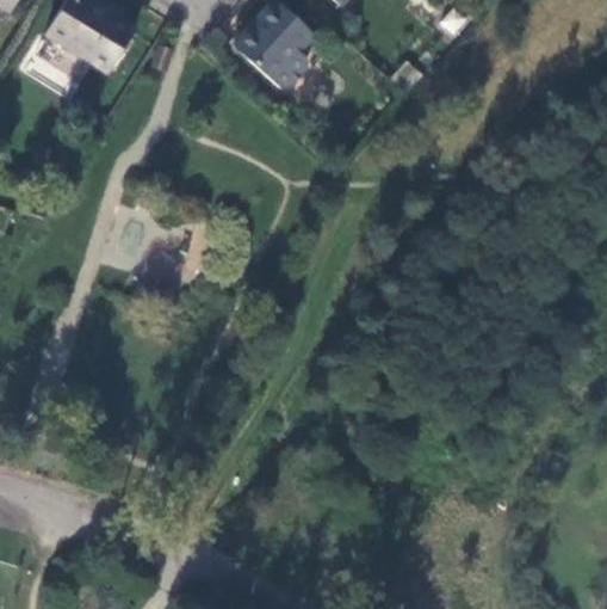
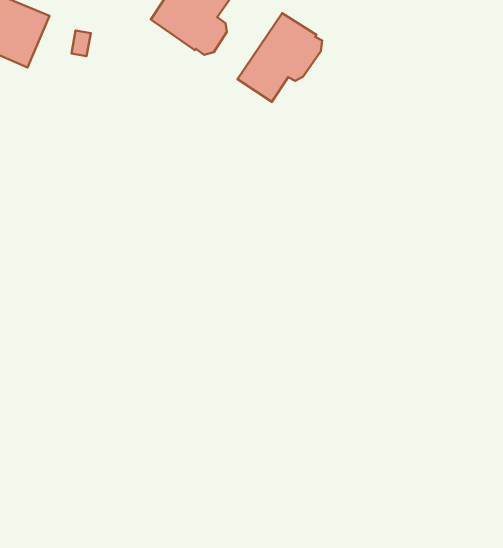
building: none -> [238,13,322,102]

